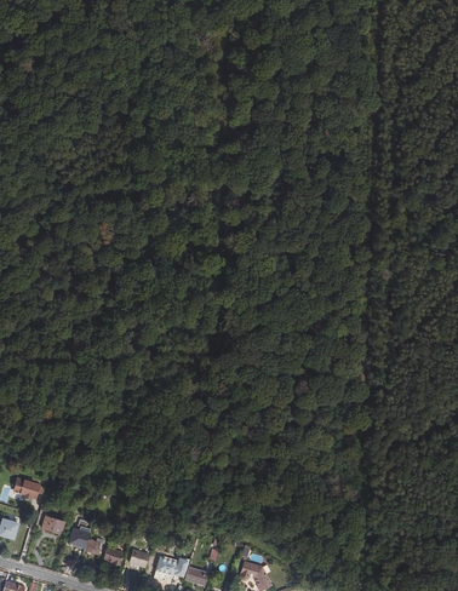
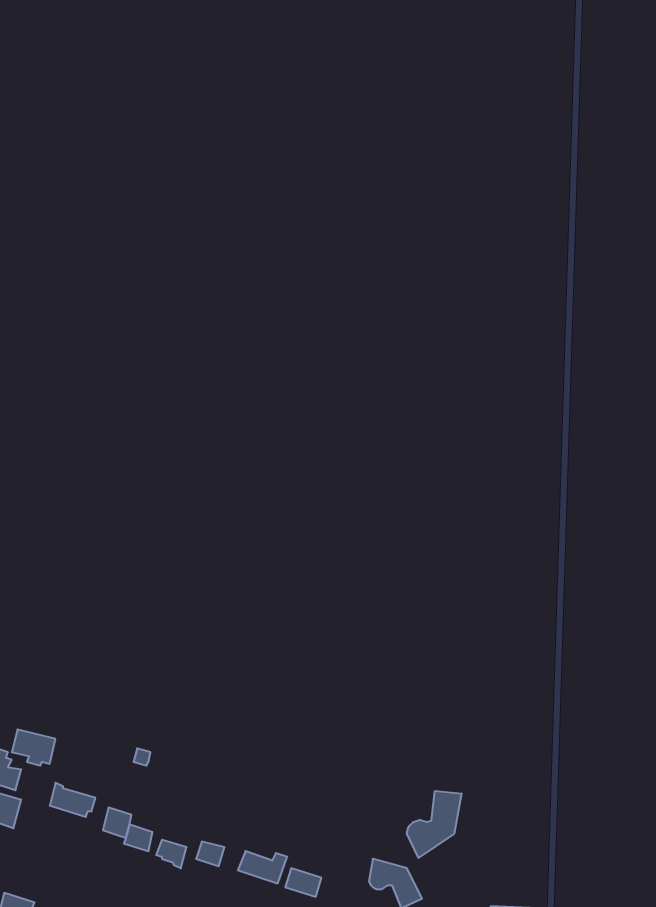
building: none -> [407,791,462,858]

